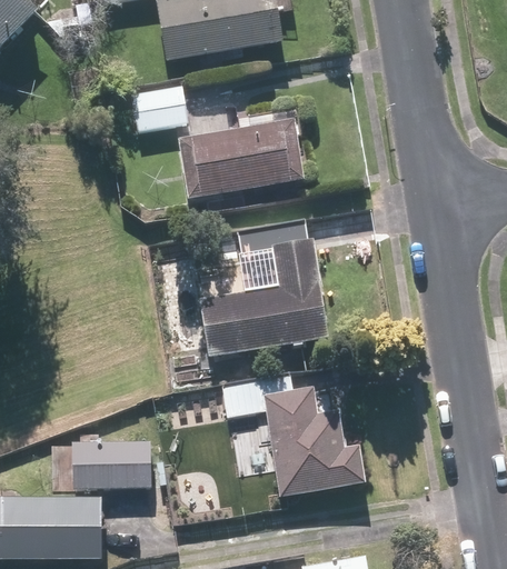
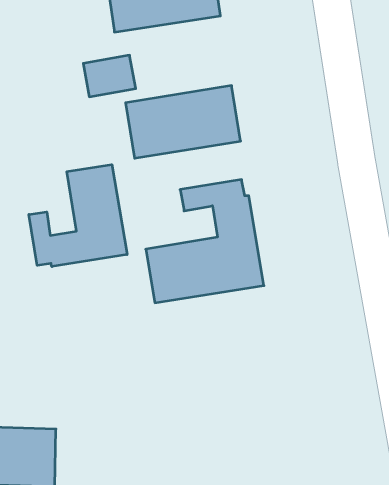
building: none -> [29,165,127,267]
building: [221,375,366,497] -> none
building: [73,426,151,490] -> none

